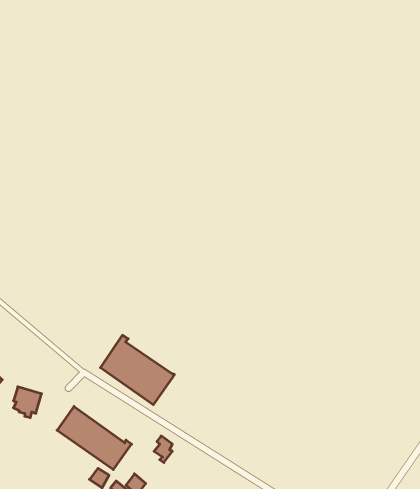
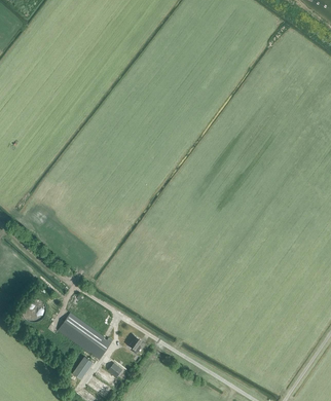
building: [100,335,174,405] -> none

